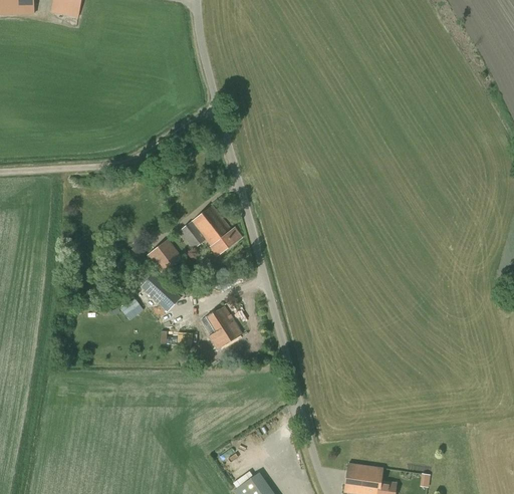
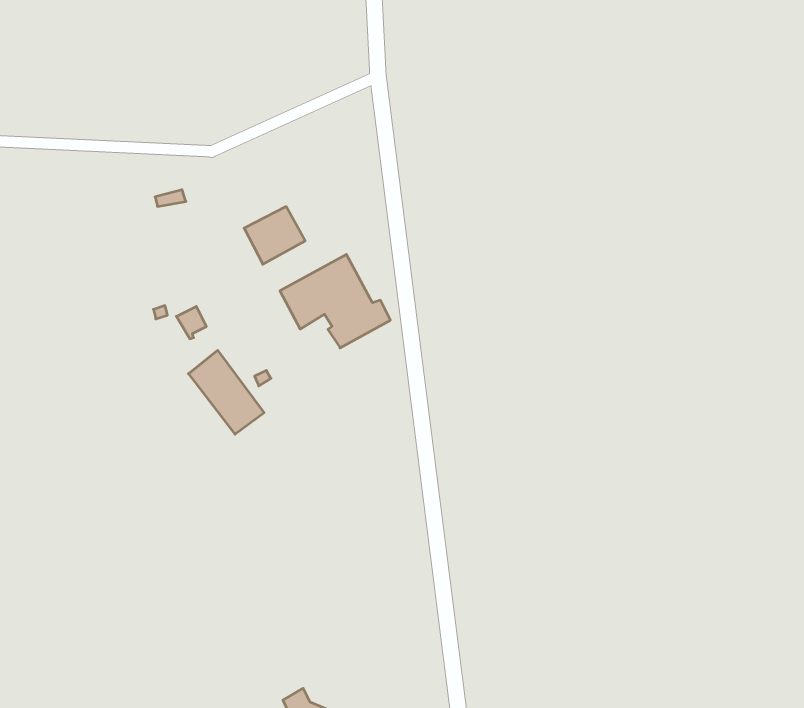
building: [148,240,182,273] -> [244,207,305,264]
building: [201,306,242,350] -> none

